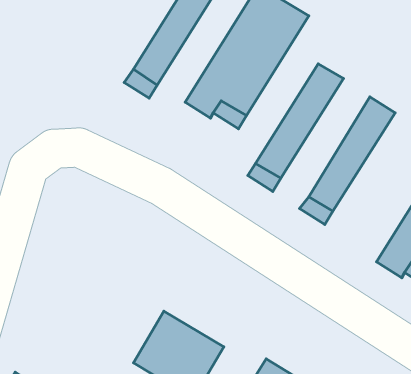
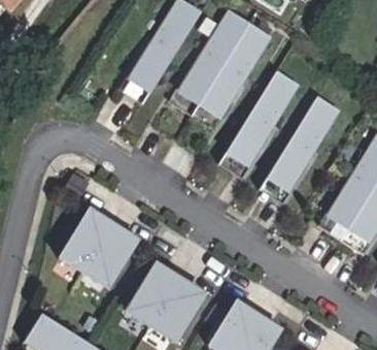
building: none -> [65,211,135,280]

